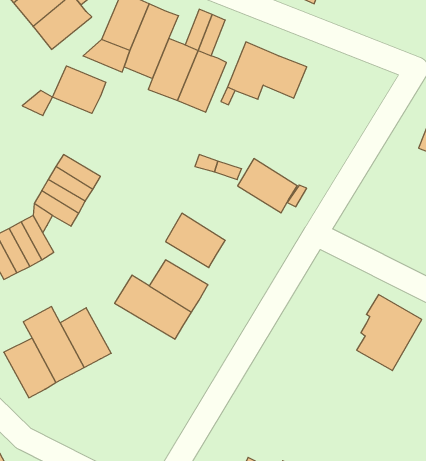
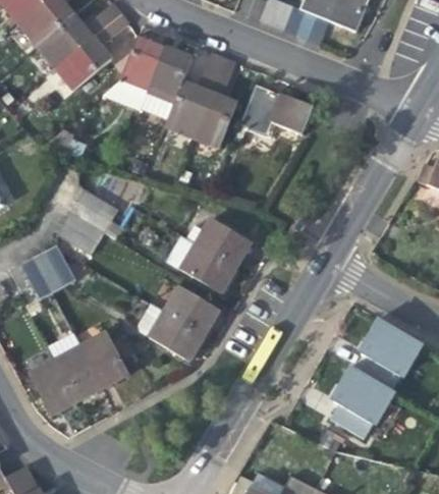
building: [53,66,106,113] -> none
building: [238,159,297,213] -> [196,217,252,268]
building: none -> [331,367,393,438]

